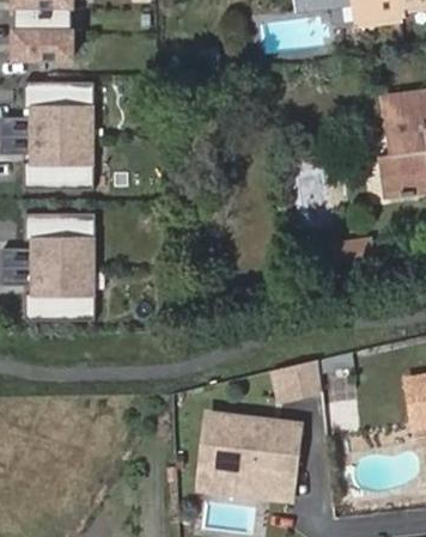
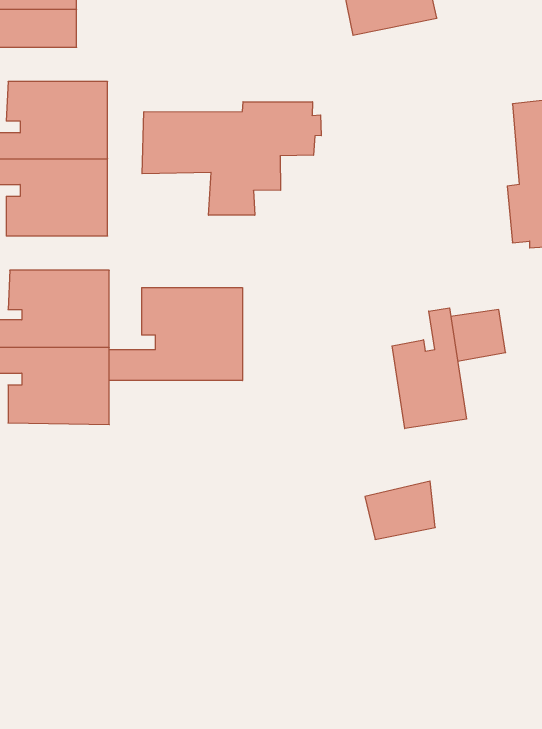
building: none -> [142,102,321,215]
building: none -> [109,288,242,381]
building: none -> [392,308,466,429]
building: [202,414,304,490] -> none

